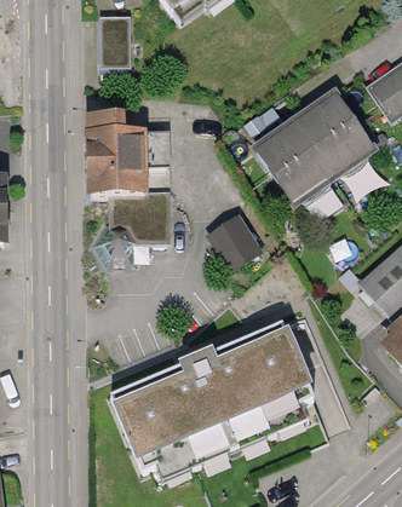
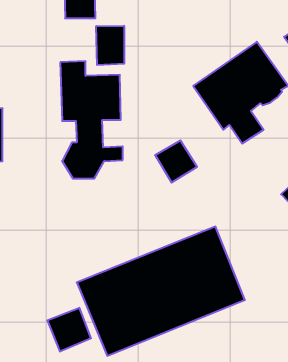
building: none -> [96,26,124,65]
building: none -> [47,308,91,352]

